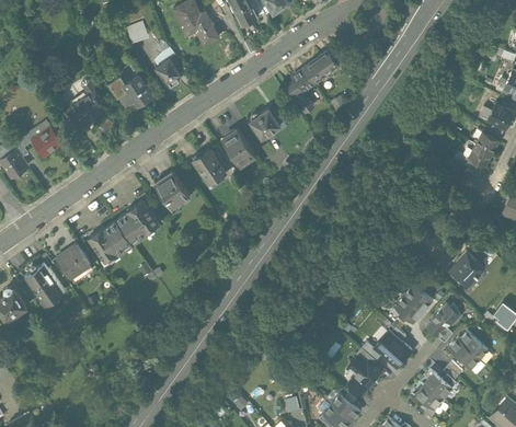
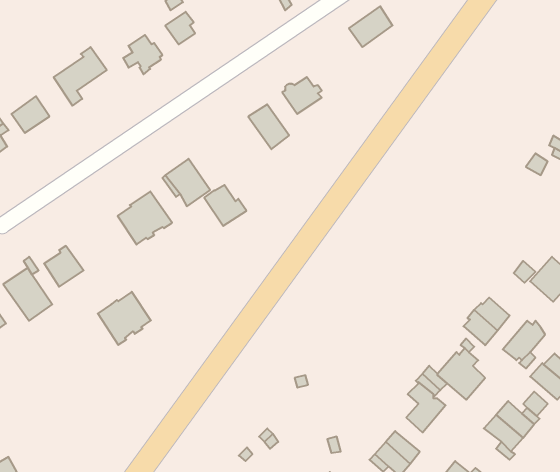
building: [287,69,313,114] -> none
building: [193,149,227,182] -> [204,185,246,226]
building: [89,220,131,263] -> [98,292,151,345]

